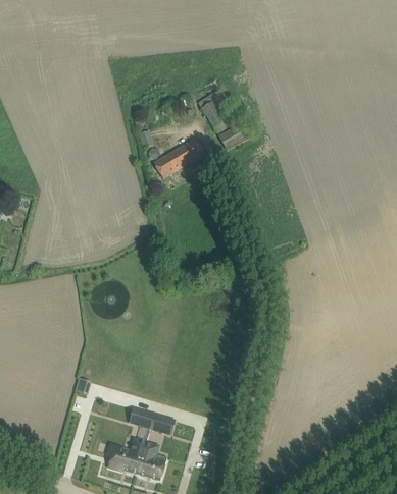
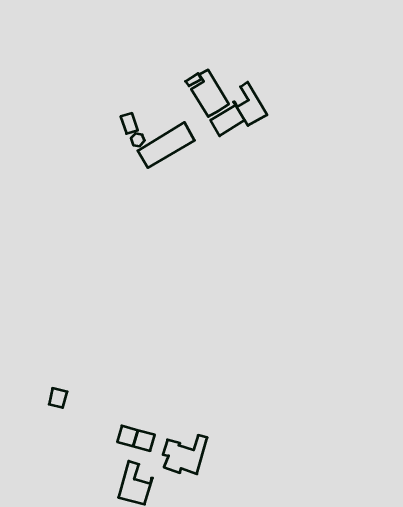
building: none -> [233,82,267,126]
building: [105,439,145,474] -> [163,435,207,474]

